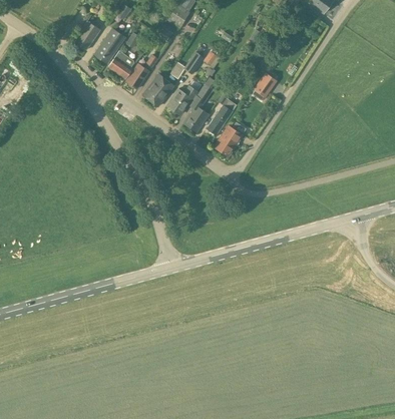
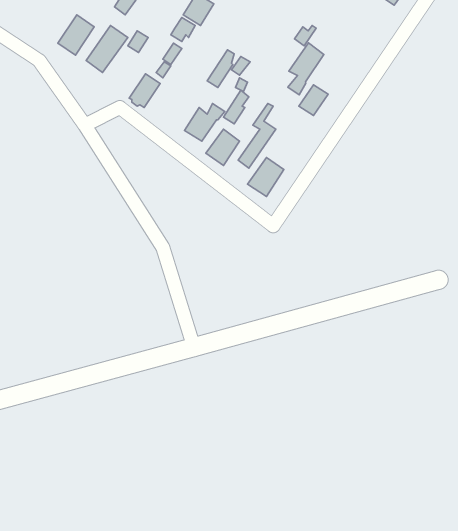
building: none -> [288,43,324,95]
building: [108,51,134,79] -> none
building: [143,74,173,106] -> none

